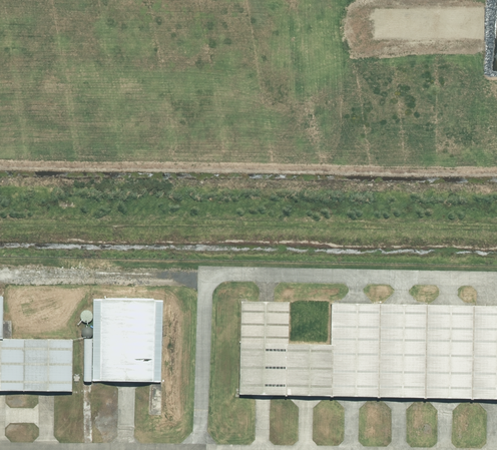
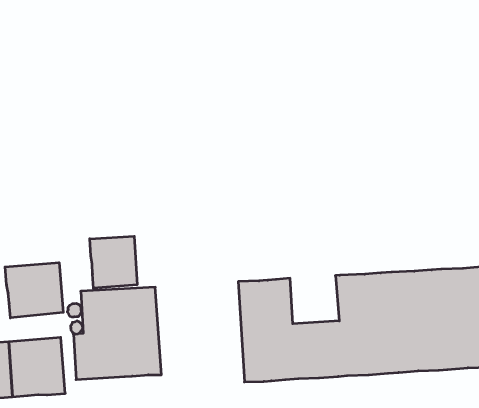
building: none -> [90,236,137,288]
building: none -> [5,263,63,318]

